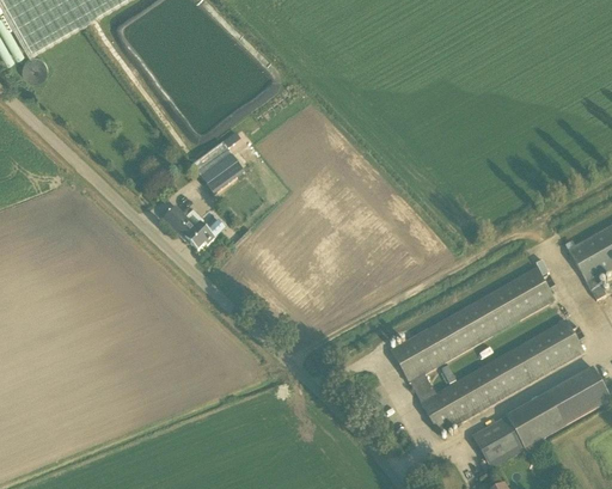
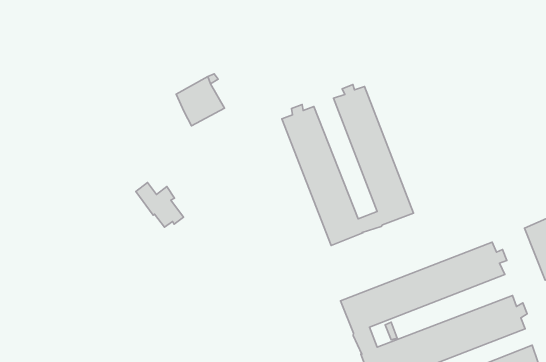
building: none -> [282,85,414,246]
building: [164,207,216,250] -> [136,183,184,227]

